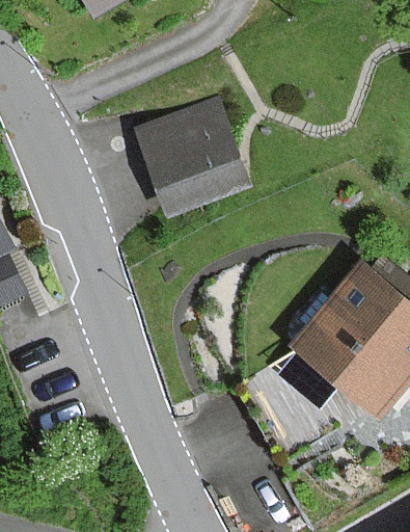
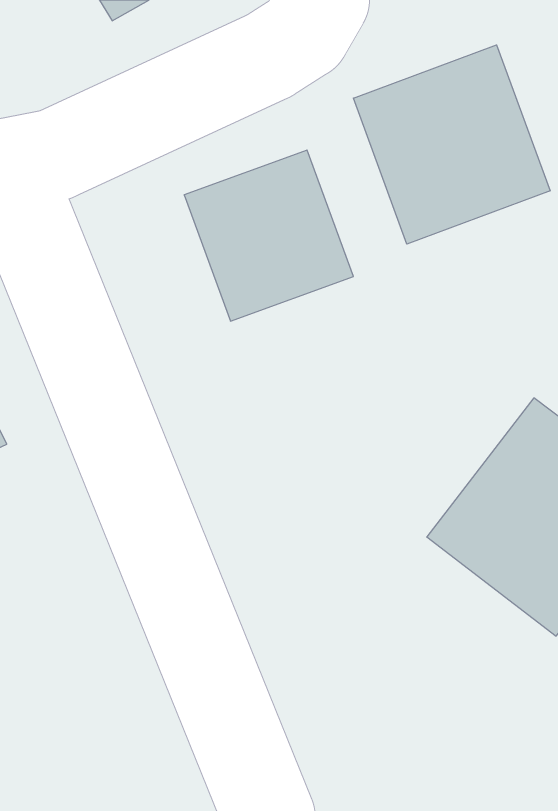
building: none -> [353,45,550,244]

